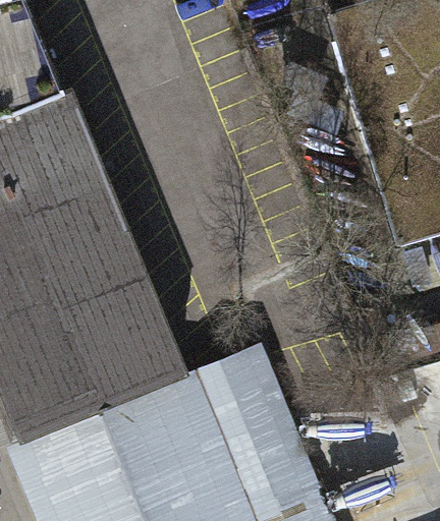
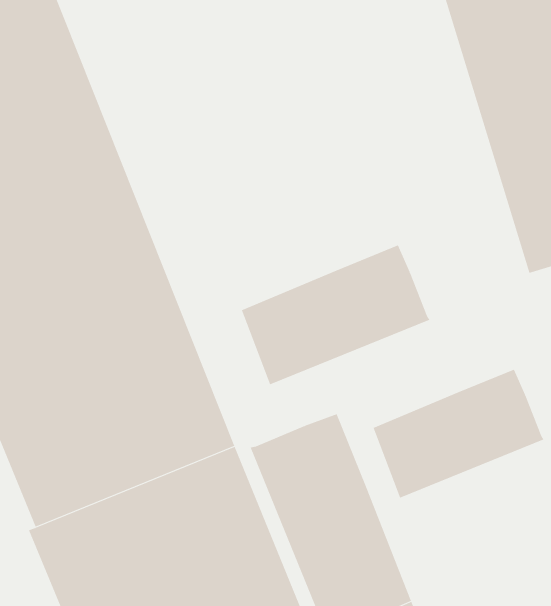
building: none -> [241,245,430,385]
building: none -> [373,369,544,498]

